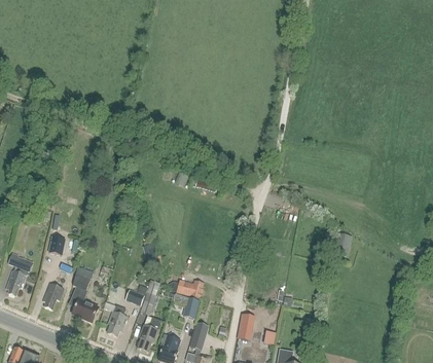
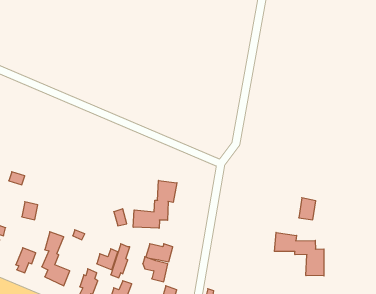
building: none -> [133,180,177,228]
building: none -> [274,232,324,276]

